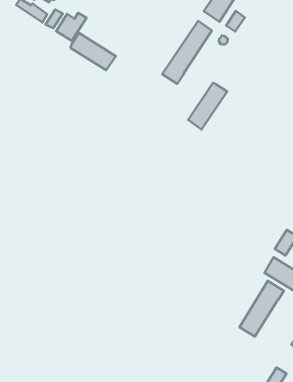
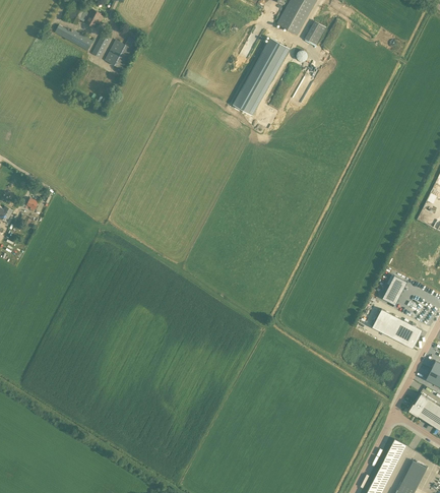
building: [70,33,116,70] -> none
building: [188,83,227,130] -> none
building: [239,281,284,336] -> none

